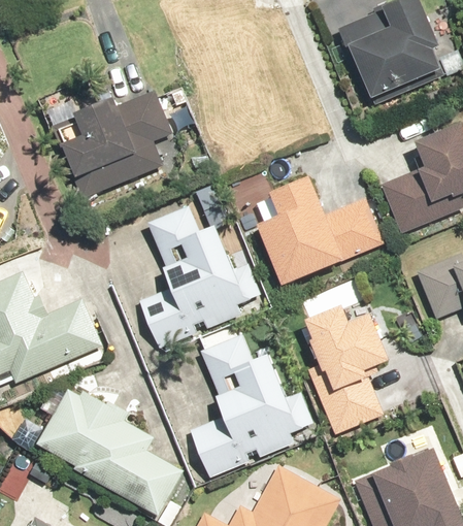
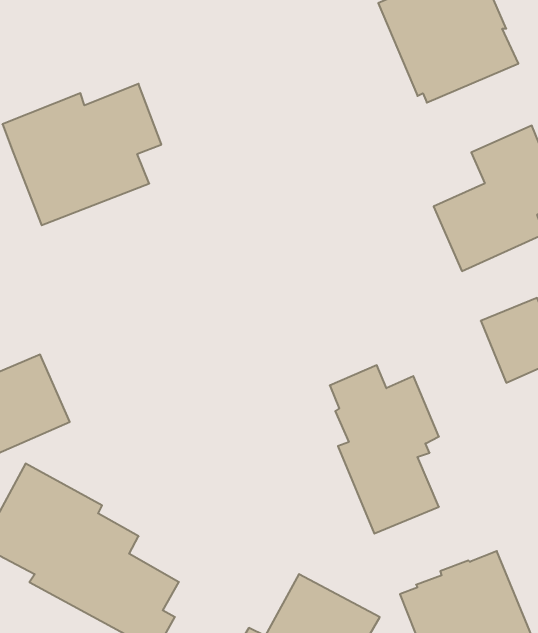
building: [253,176,384,287] -> none
building: [137,204,267,352] -> none
building: [186,322,321,480] -> none

